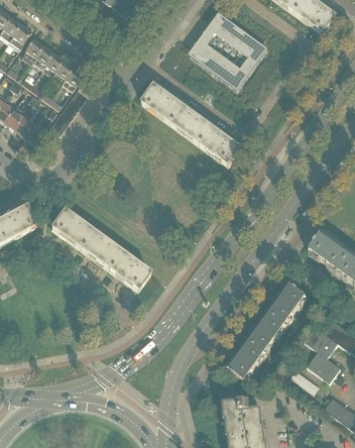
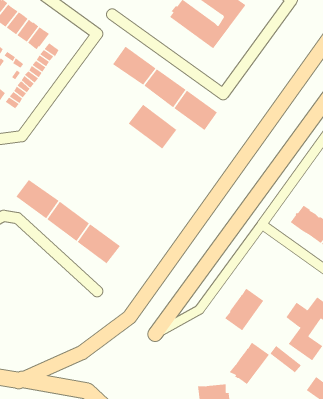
building: none -> [128,104,177,149]
building: [265,283,303,323] -> none
building: [224,339,262,379] -> [229,342,270,385]

